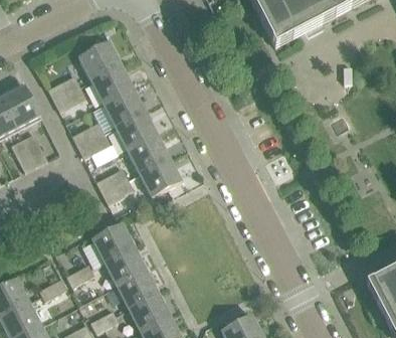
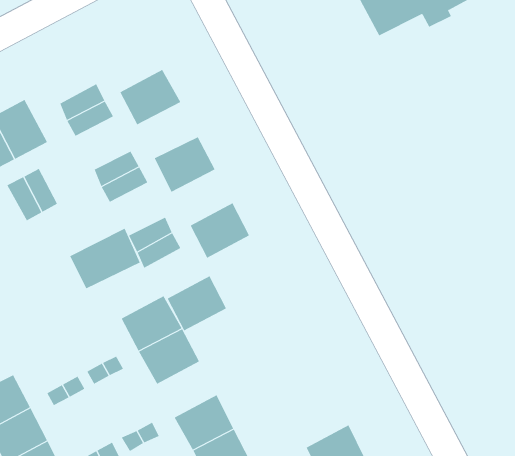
building: [78,40,121,79] -> none
building: [103,87,146,126] -> none
building: [127,134,170,173] -> none
building: none -> [70,228,140,289]
building: [117,269,159,308] -> [167,275,227,331]

